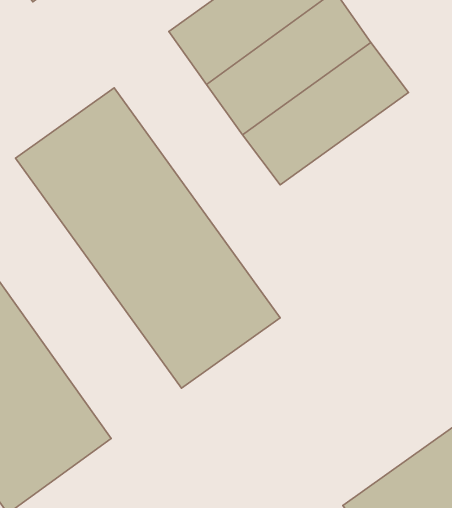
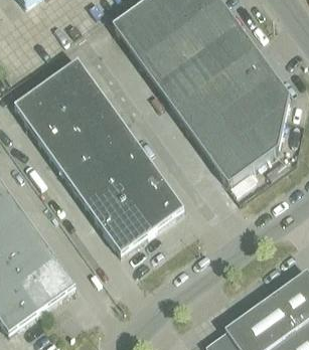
building: none -> [184,62,289,183]

